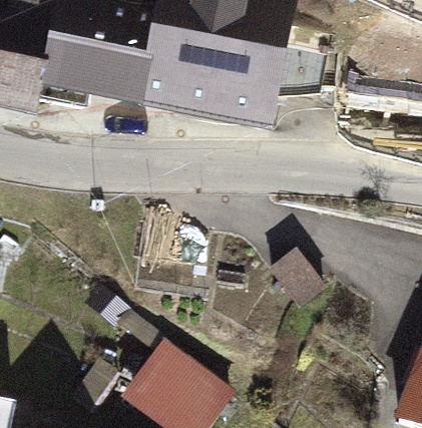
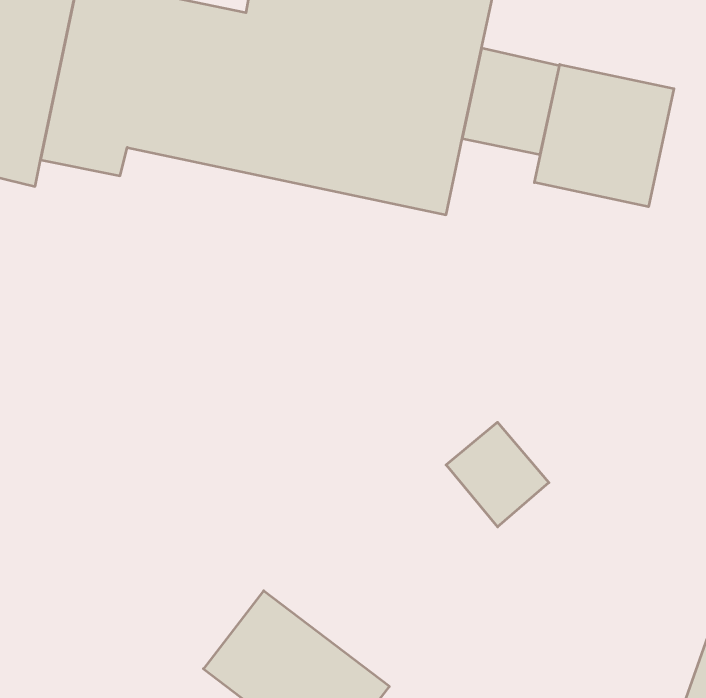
building: none -> [534,64,674,207]

